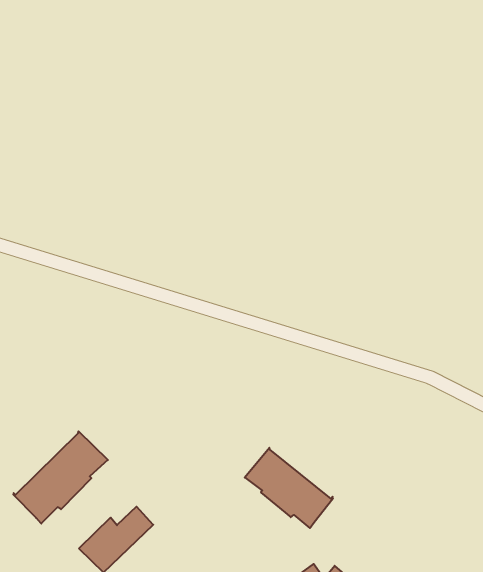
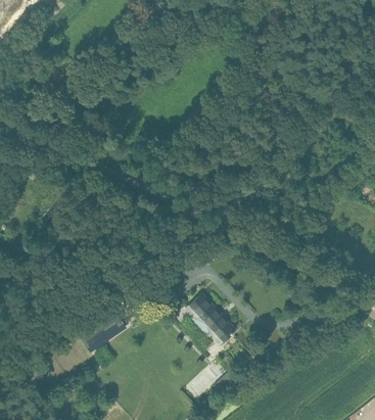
building: [14,431,108,524] -> none

